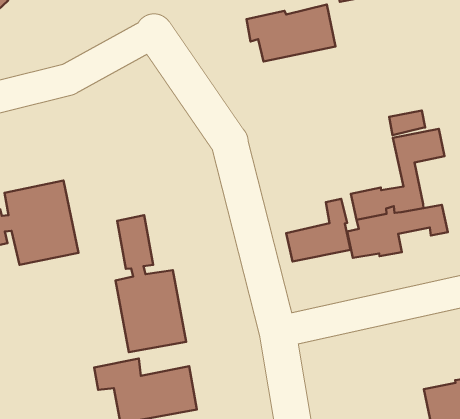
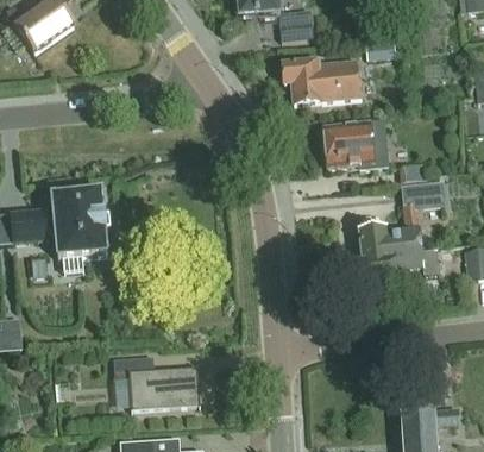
building: none -> [323,121,388,169]
building: [286,199,350,262] -> none
building: [116,215,186,352] -> none

